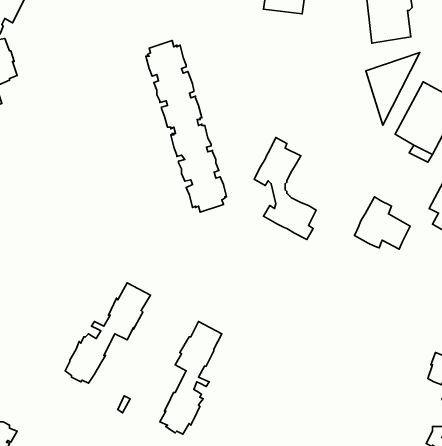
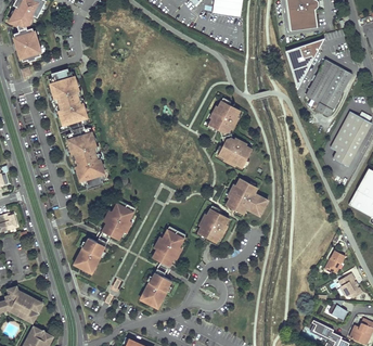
building: [146,41,227,212] -> [49,67,105,188]
building: [354,197,410,249] -> [226,178,265,215]
building: none -> [196,205,228,244]

